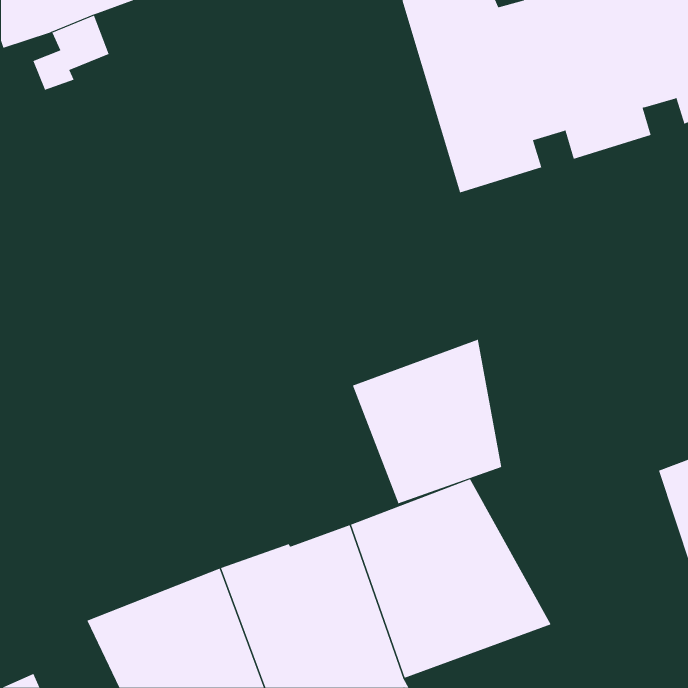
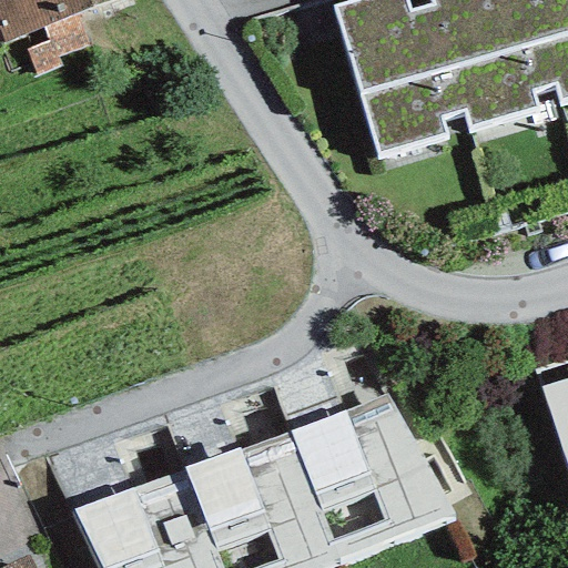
building: [352,339,502,504] -> none

